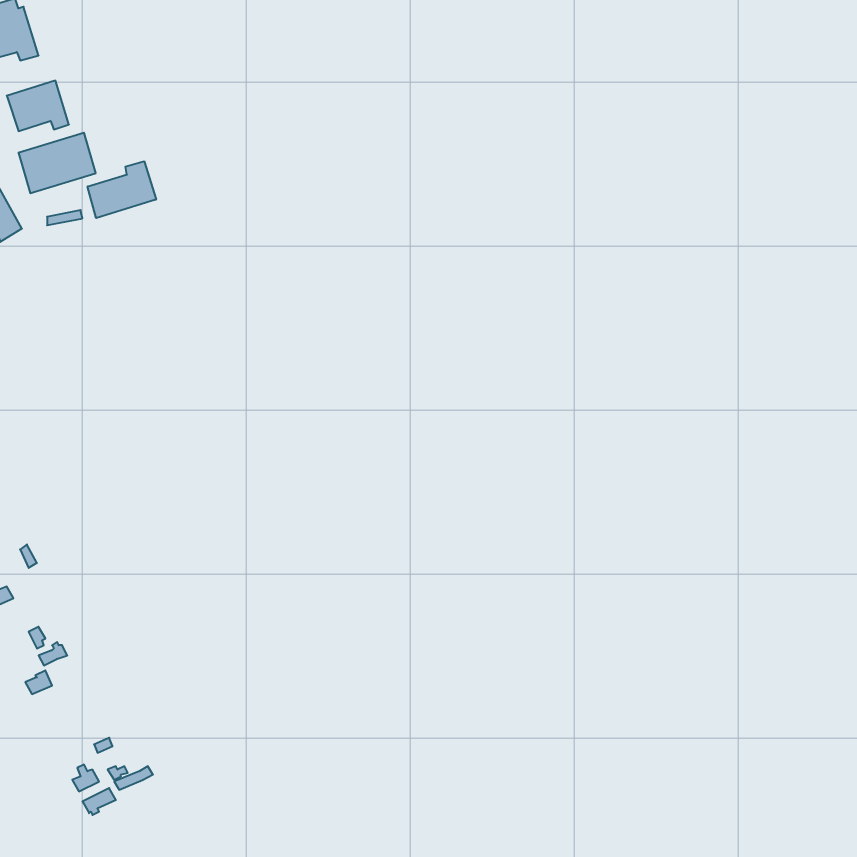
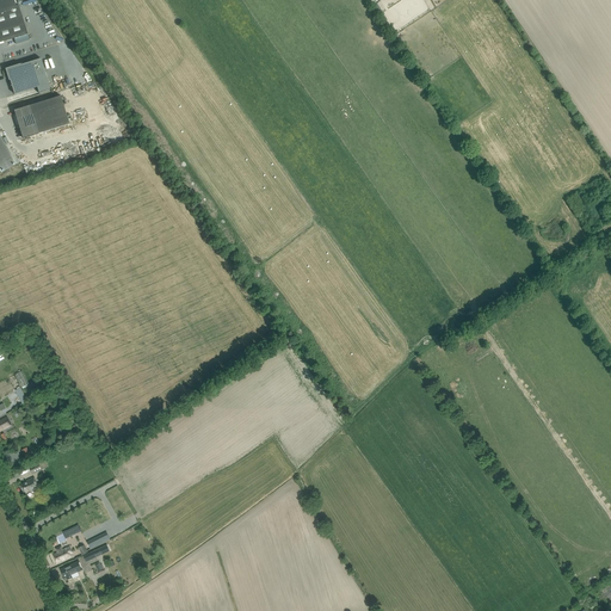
building: [88,161,156,218] -> none

